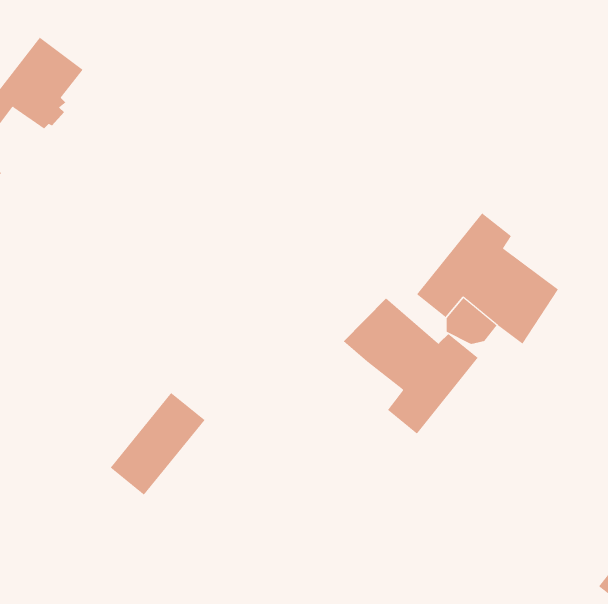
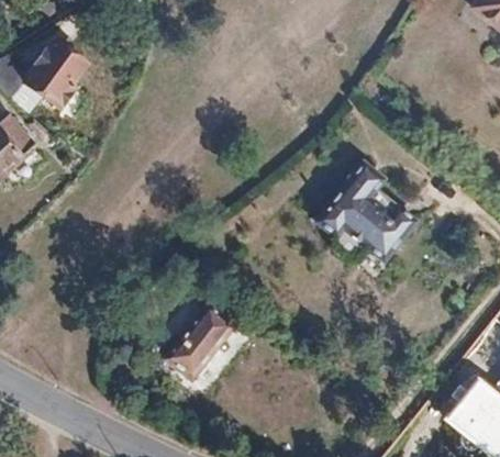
building: [343,297,478,435] -> none
building: [110,392,205,496] -> [167,306,234,379]

